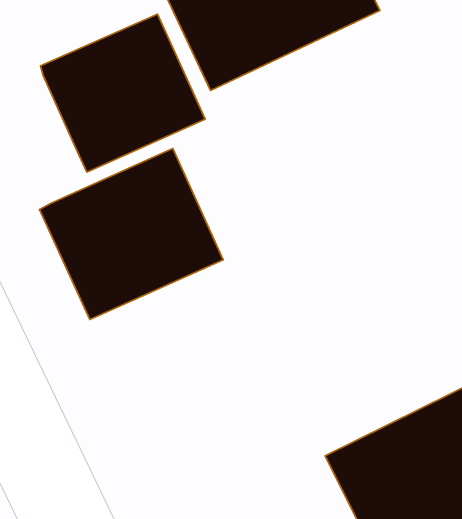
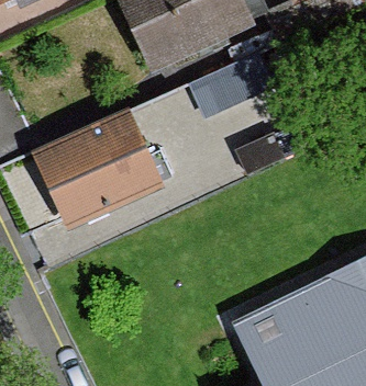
building: [40,14,205,172] -> none

